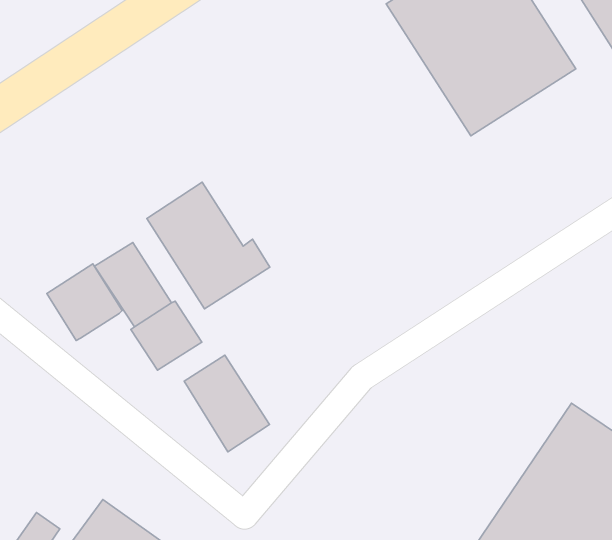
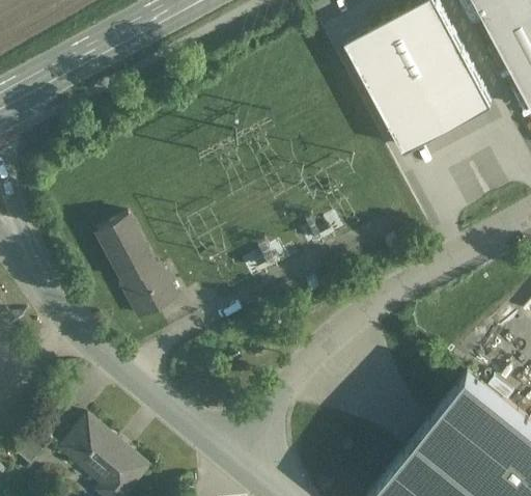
building: [147,182,270,309] -> none
building: [47,264,122,340] -> none
building: [184,355,269,452] -> none

